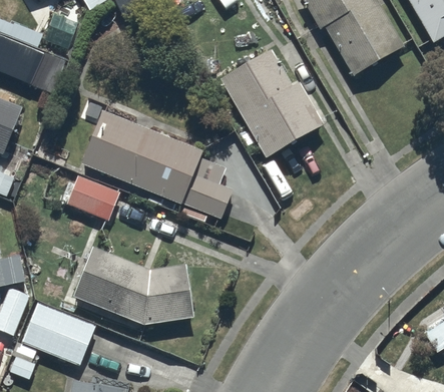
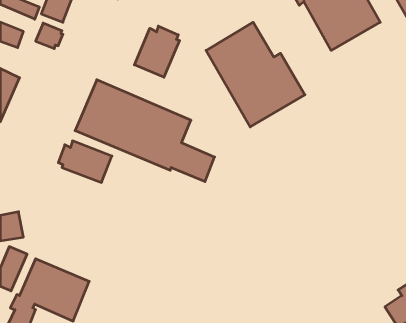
building: none -> [134,26,180,77]
building: [72,250,194,325] -> none

